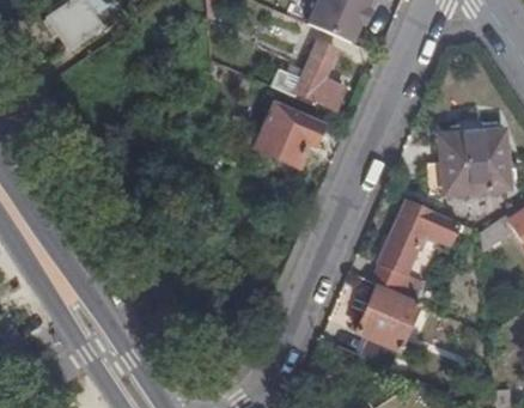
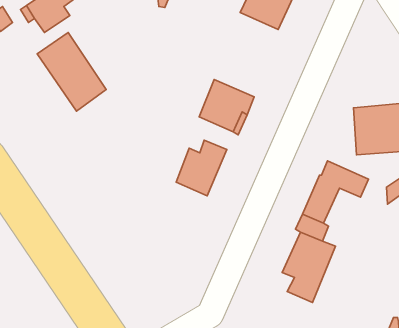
building: [298,45,352,108] -> none
building: none -> [37,33,106,111]
building: none -> [176,140,227,196]

